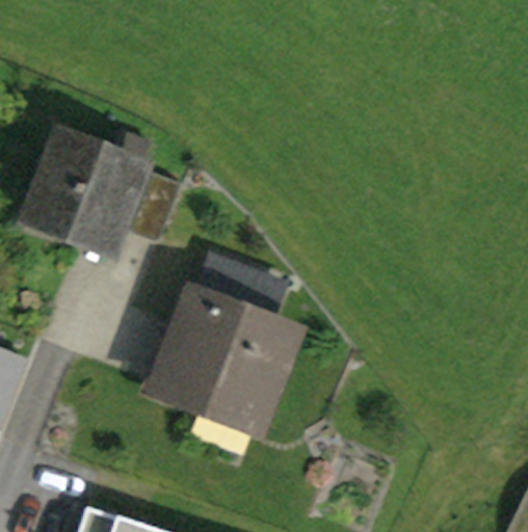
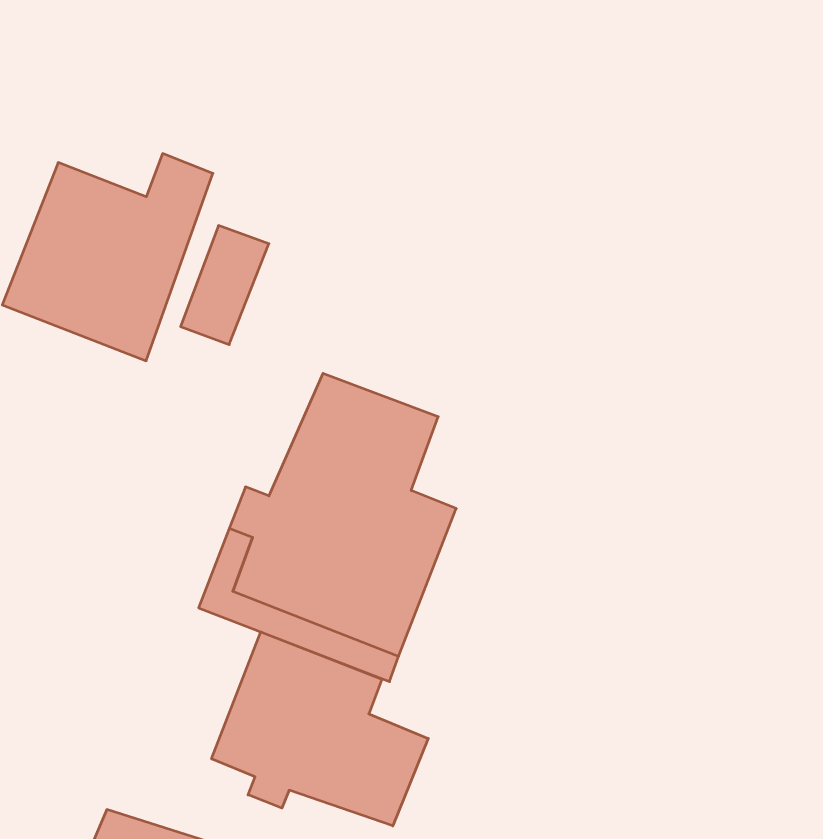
building: none -> [212,632,428,826]

